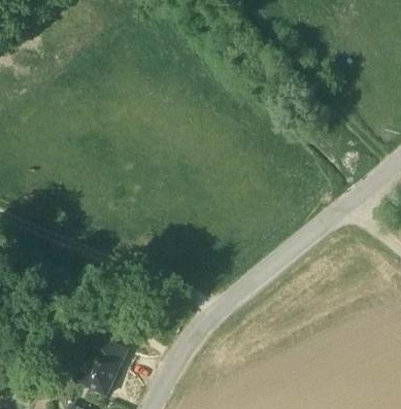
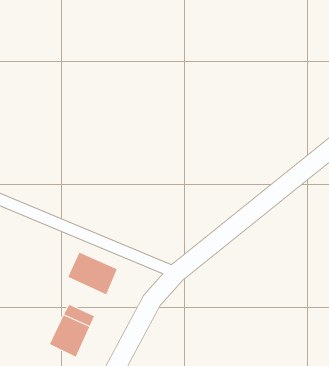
building: none -> [67,252,118,295]

